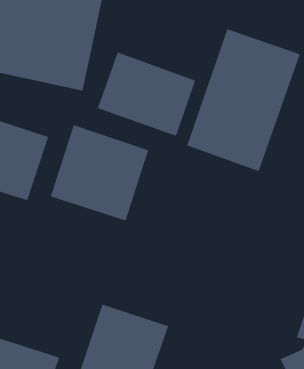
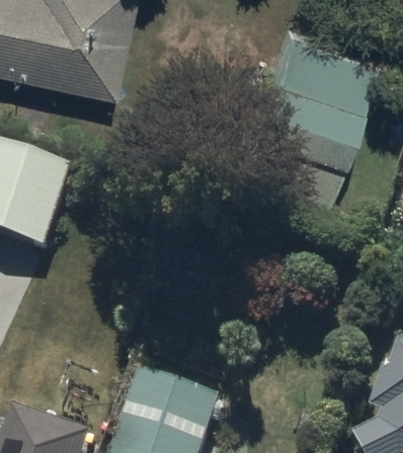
building: [97,52,196,137] -> none
building: [50,124,149,222] -> none

